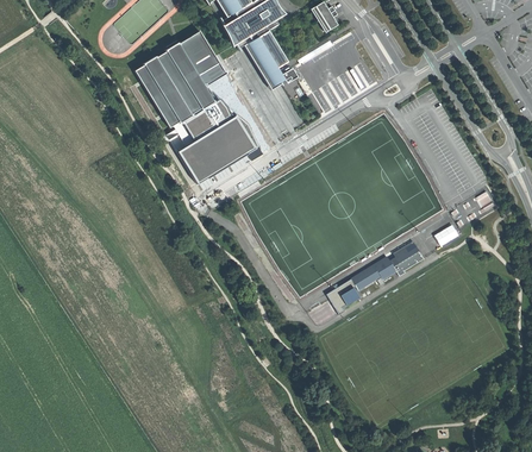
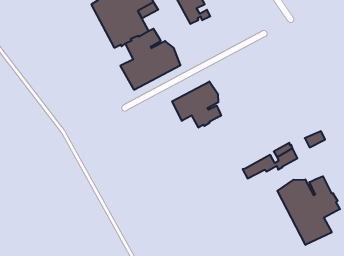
building: none -> [172,81,221,128]
building: none -> [277,176,340,245]

